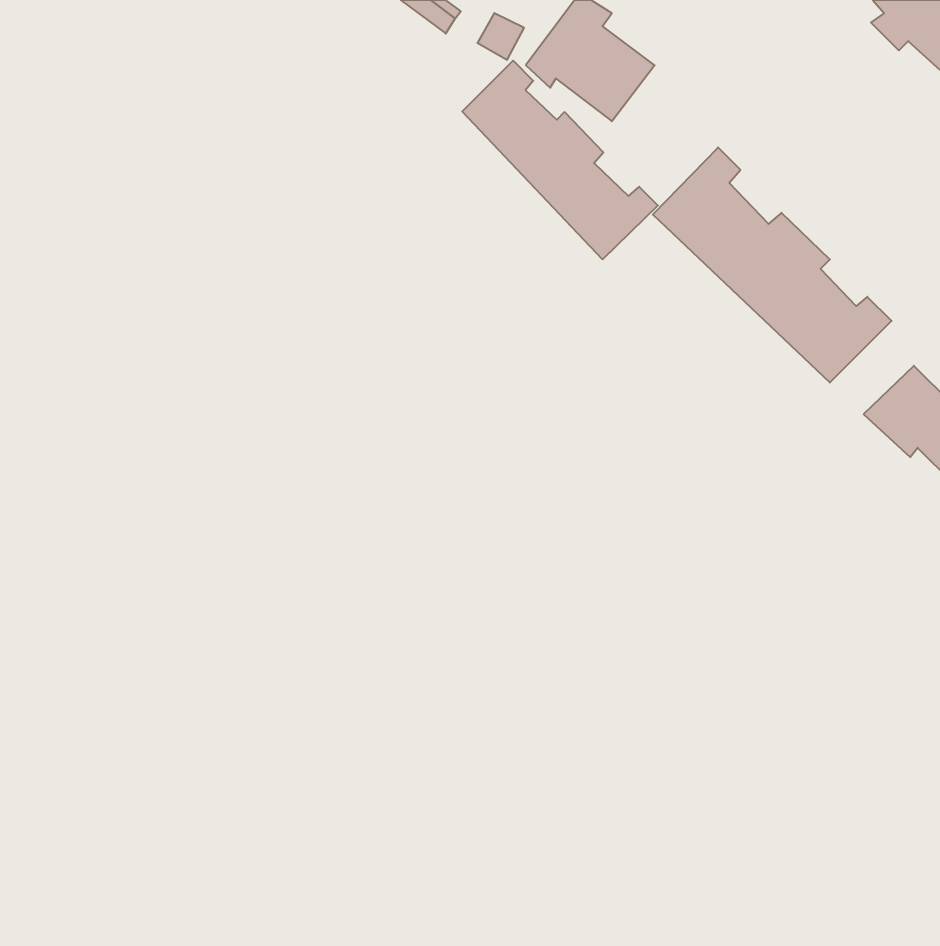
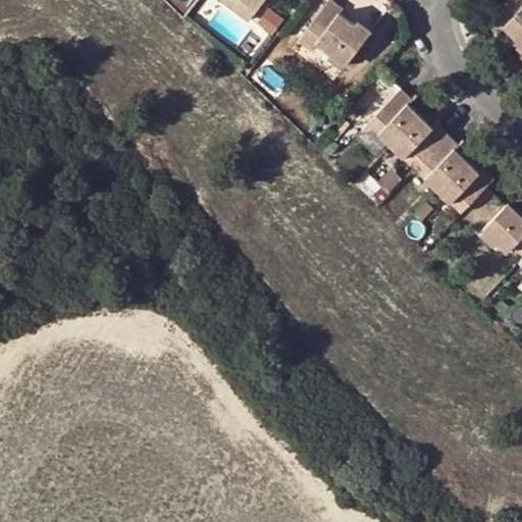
building: [462,61,658,259] -> none

